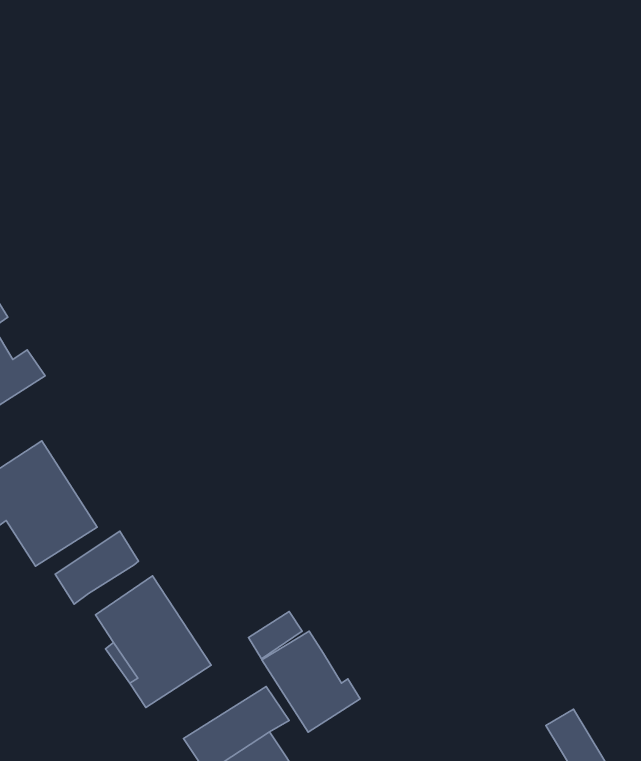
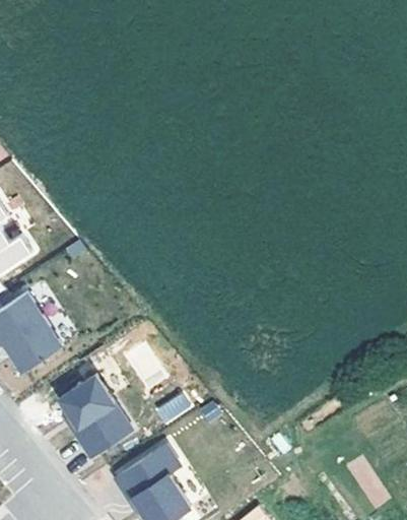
building: [55,531,138,604] -> none
building: [262,631,360,732] -> none

